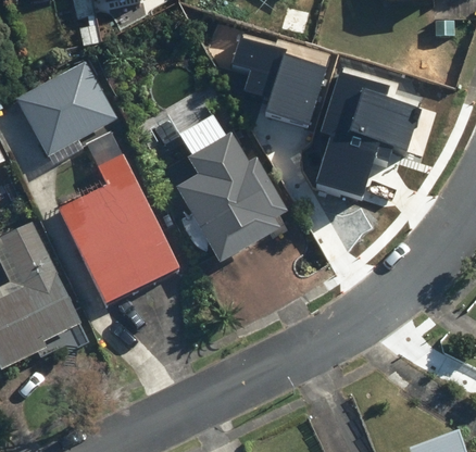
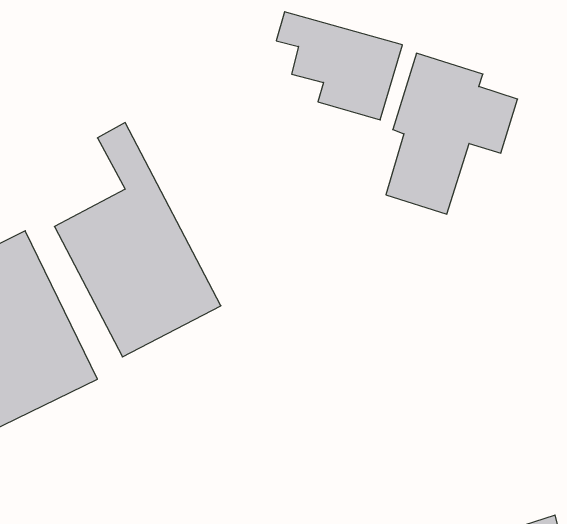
building: [14,55,122,158] -> none
building: [181,133,291,260] -> none

